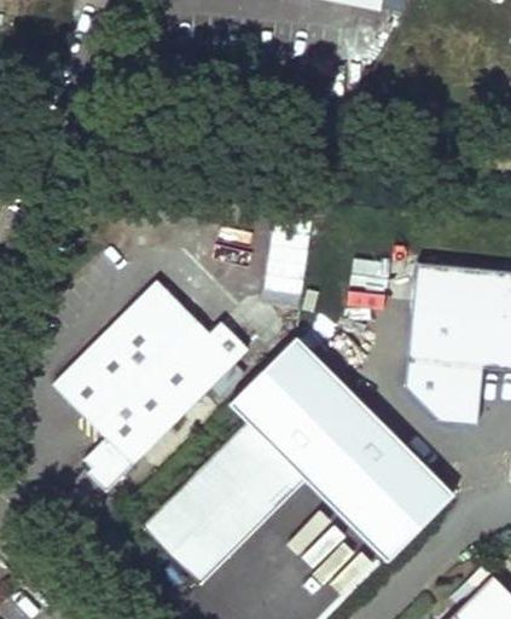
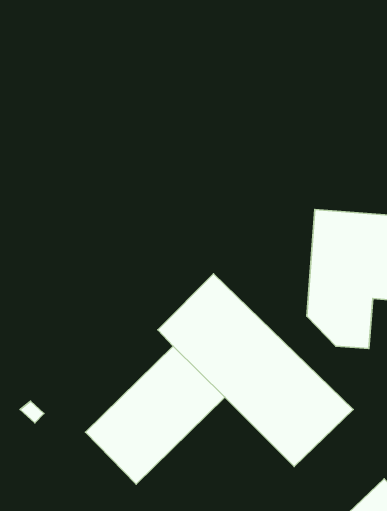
building: [54,278,249,491] -> none

